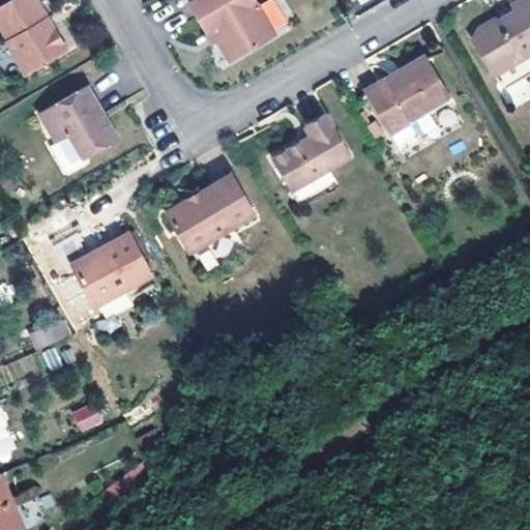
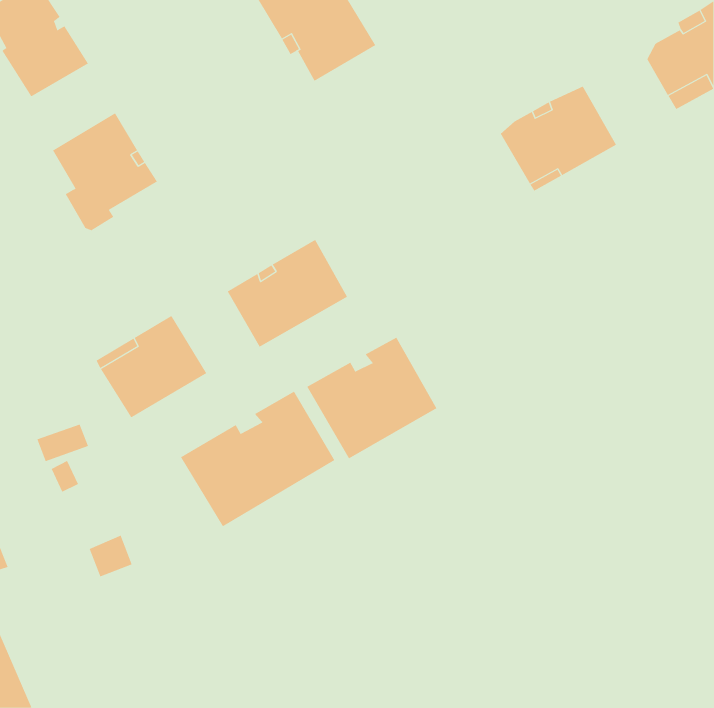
building: [269,112,350,189] -> none
building: none -> [307,337,437,459]
building: none -> [180,391,335,527]

